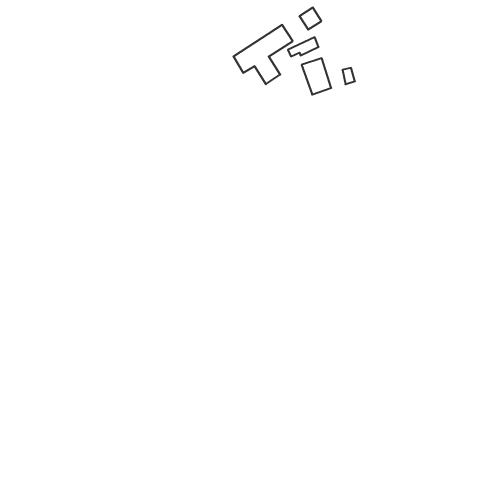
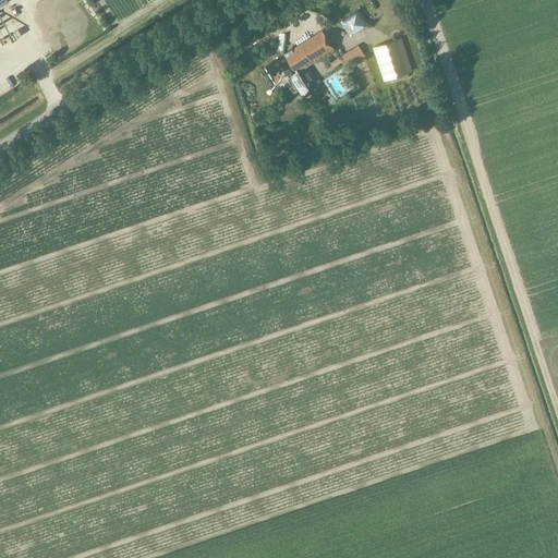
building: [302,58,331,95] -> [377,37,411,78]

